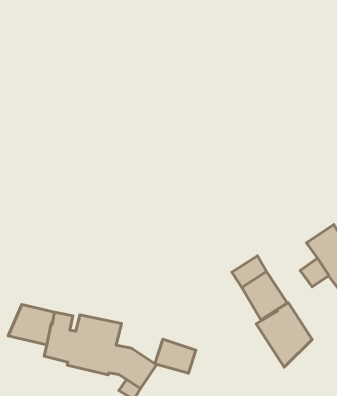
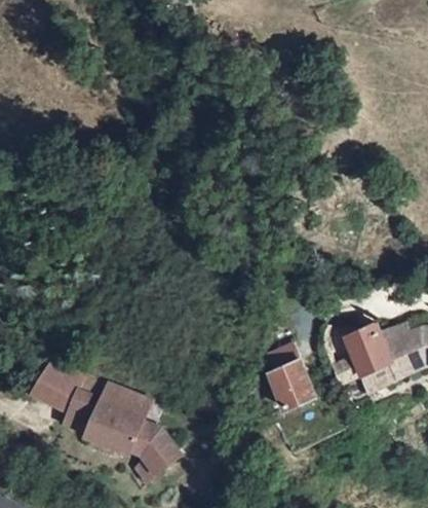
building: [256,303,312,367] -> none
building: [155,339,196,373] -> none

